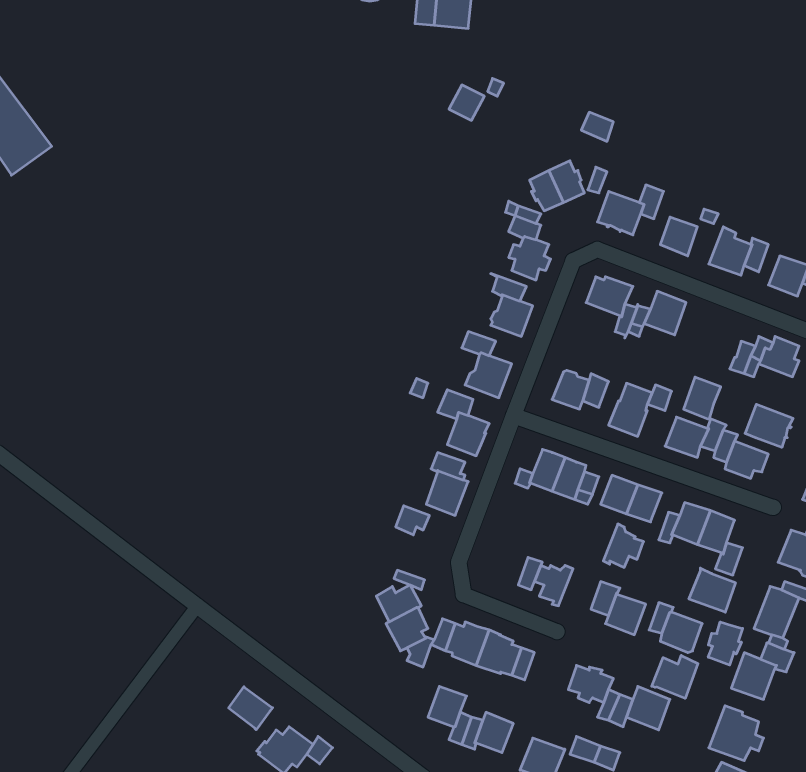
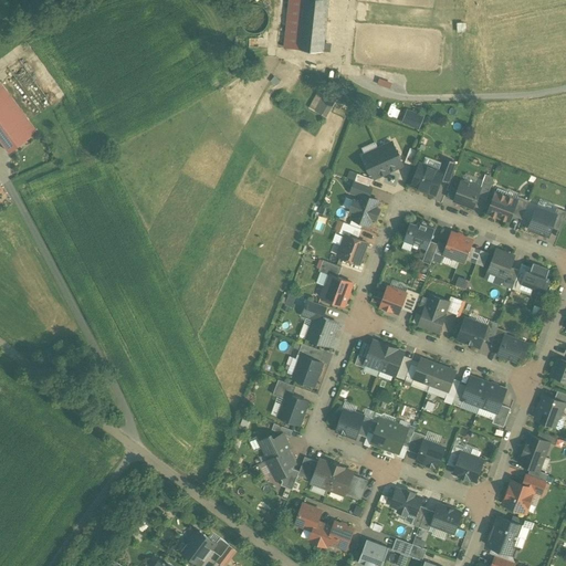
building: [684,377,721,419] -> [488,249,513,277]
building: [745,404,793,447] -> none
building: [603,524,644,567] -> [384,422,411,452]
building: none -> [279,394,306,424]
building: none -> [335,410,363,438]
building: [689,568,735,612] -> none
building: [708,622,743,665] -> none
building: [652,655,698,698] -> none
building: [229,687,273,730] -> none

